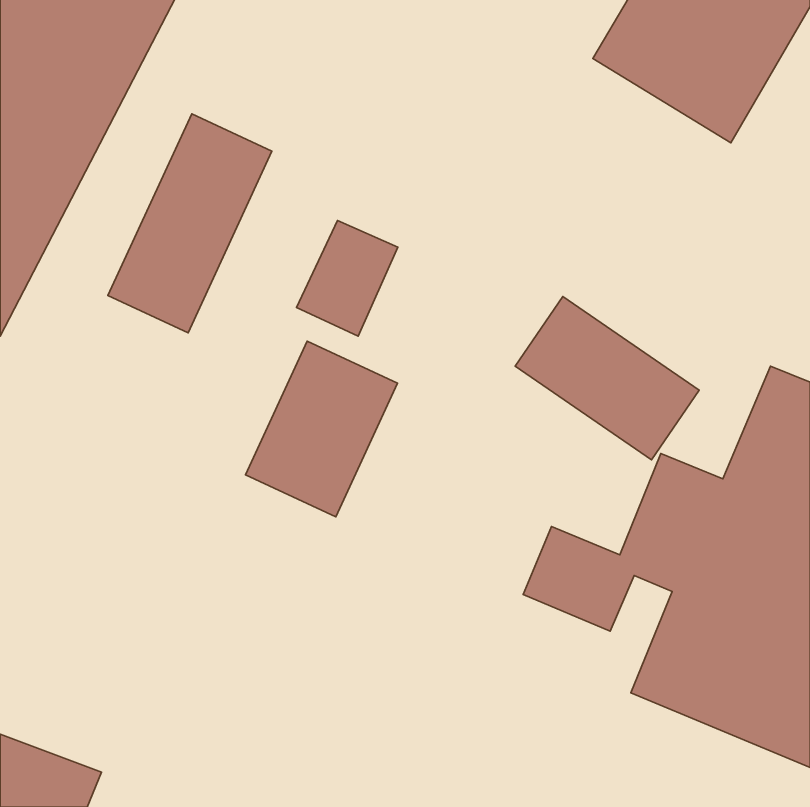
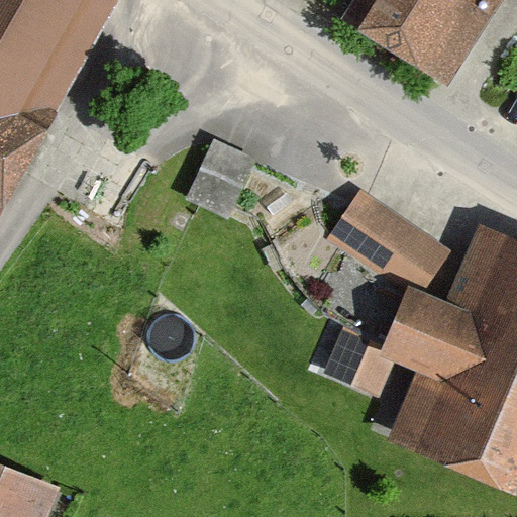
building: [108,114,272,333] -> none
building: [245,341,398,517] -> none

